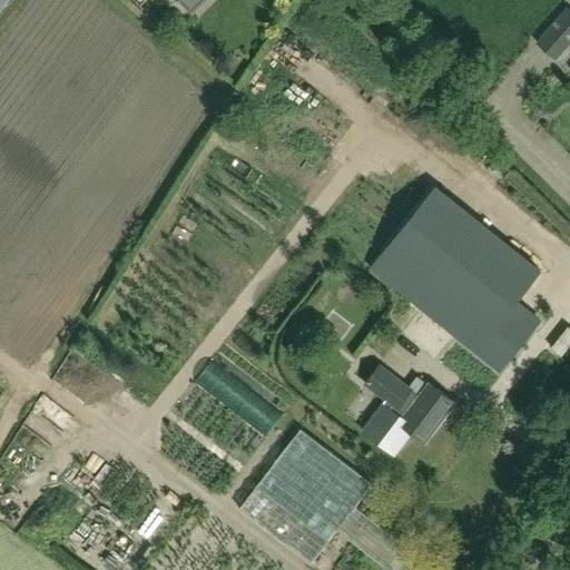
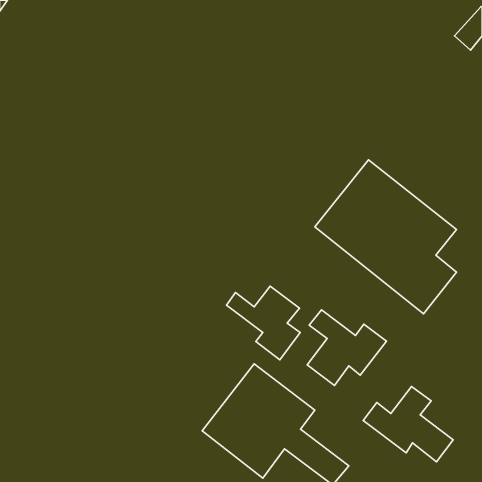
building: none -> [227,286,300,360]
building: none -> [363,387,453,462]

